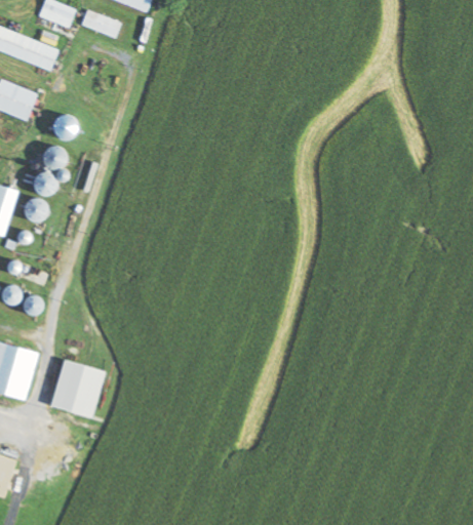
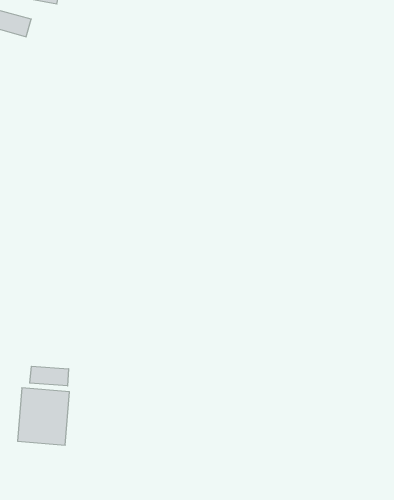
building: none -> [30,366,69,386]

